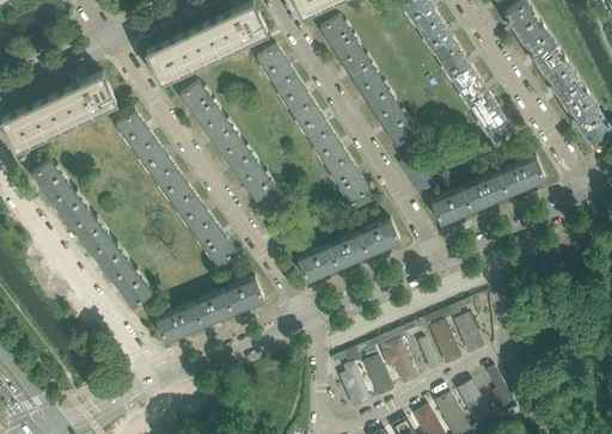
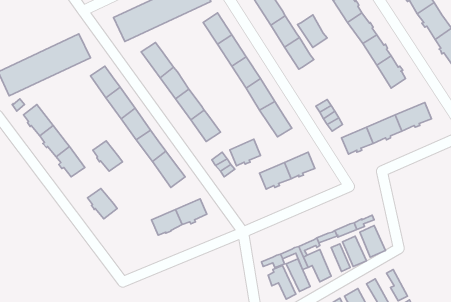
building: [378,105,415,146] -> [298,15,327,47]
building: [93,240,130,279] -> [93,141,122,171]
building: [299,247,337,281] -> [230,139,261,166]
building: [157,306,202,341] -> none

